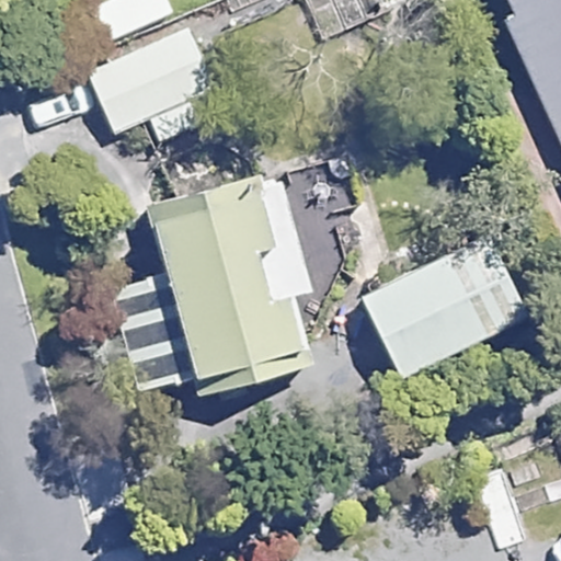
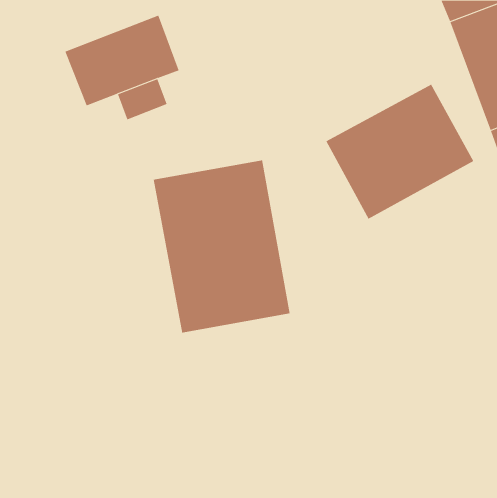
building: [367,229,531,379] -> [325,84,474,220]

